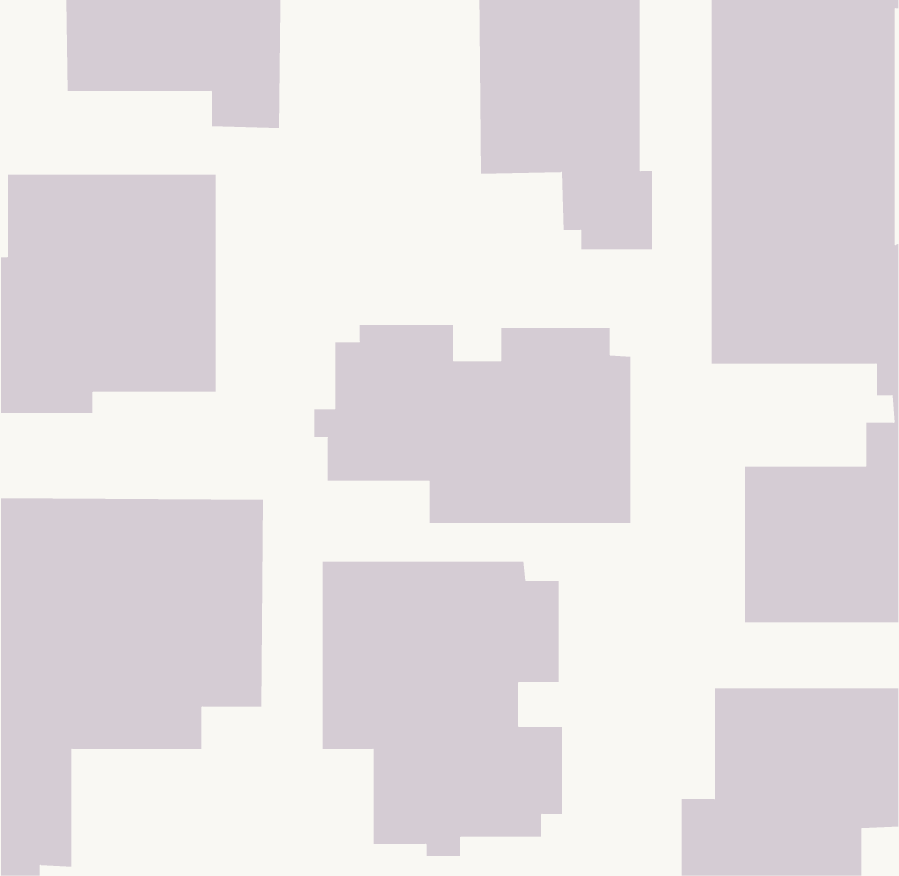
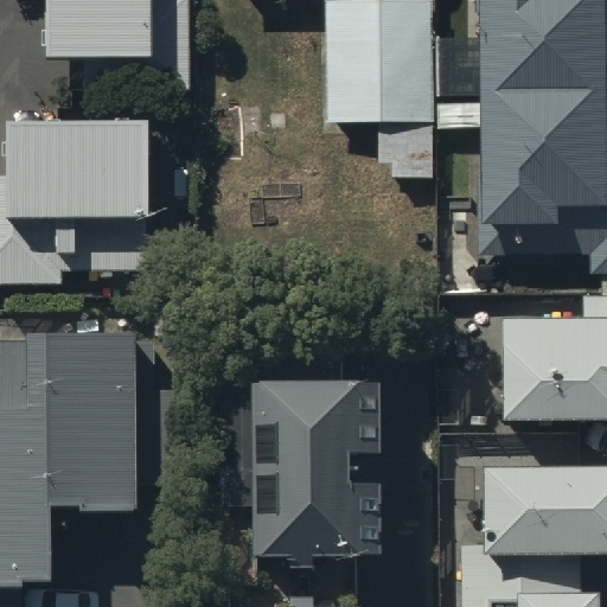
building: [314,324,631,524] -> none

